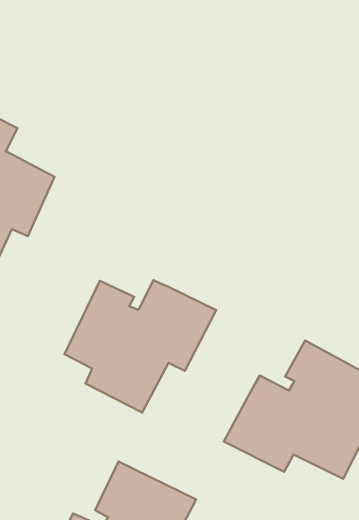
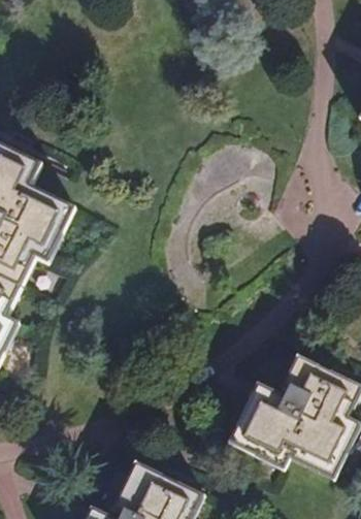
building: [64,280,216,413] -> none

